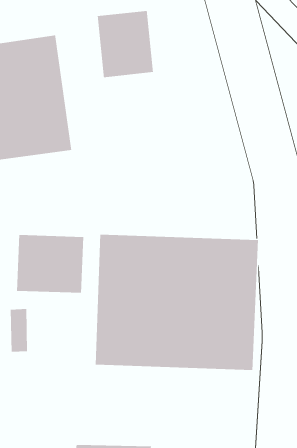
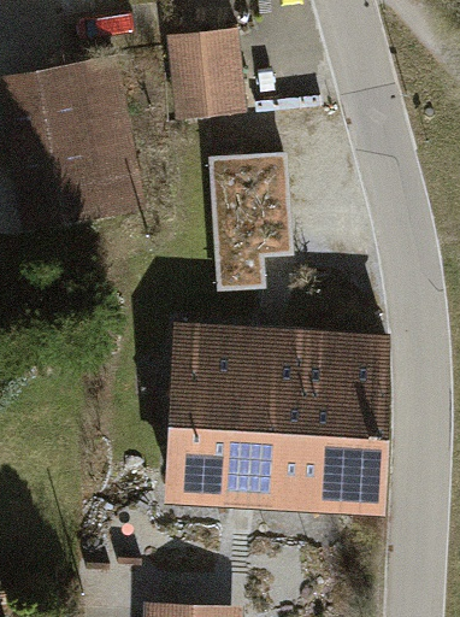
building: none -> [216,146,299,290]
building: [16,234,84,294] -> none

